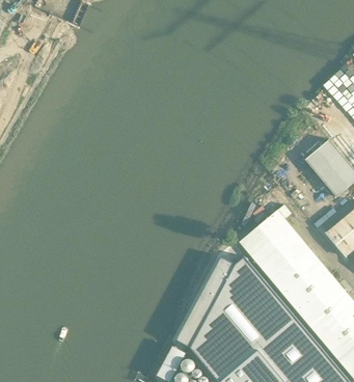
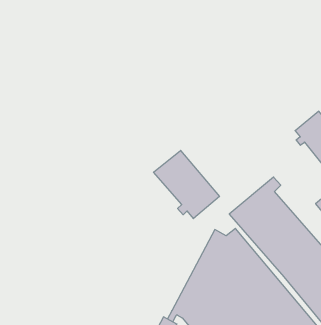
building: none -> [154,150,219,219]

